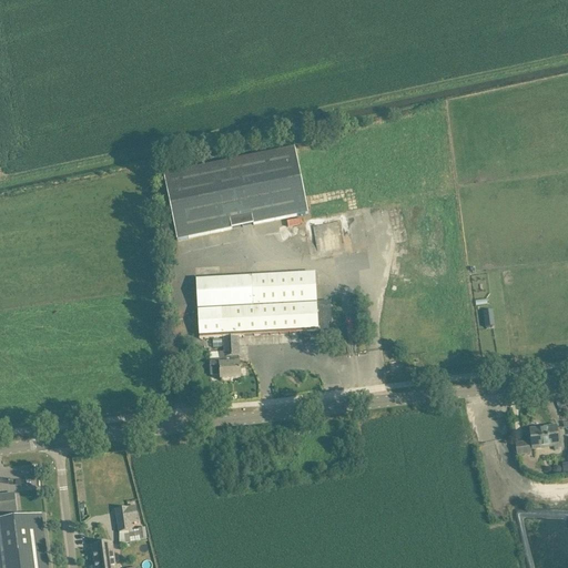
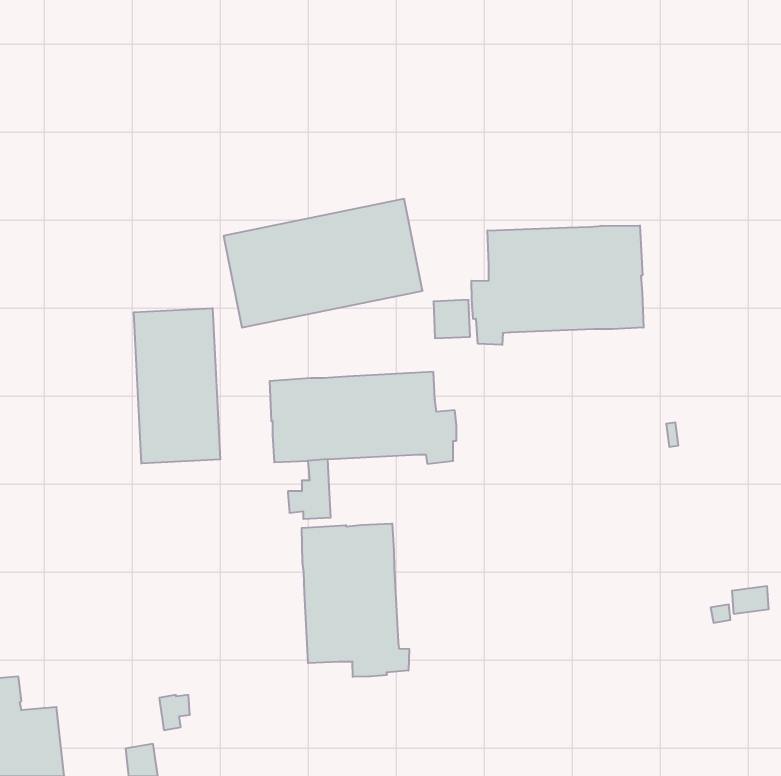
building: none -> [472,225,644,345]
building: none -> [134,308,220,464]
building: none -> [302,523,409,677]

